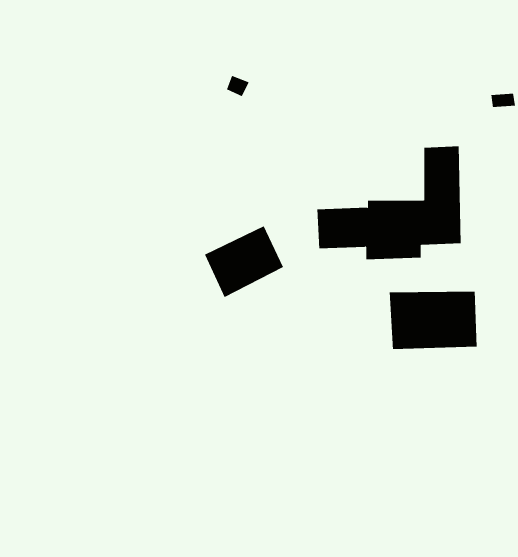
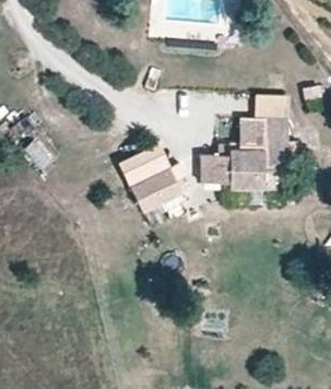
building: [389,291,477,350] -> none

